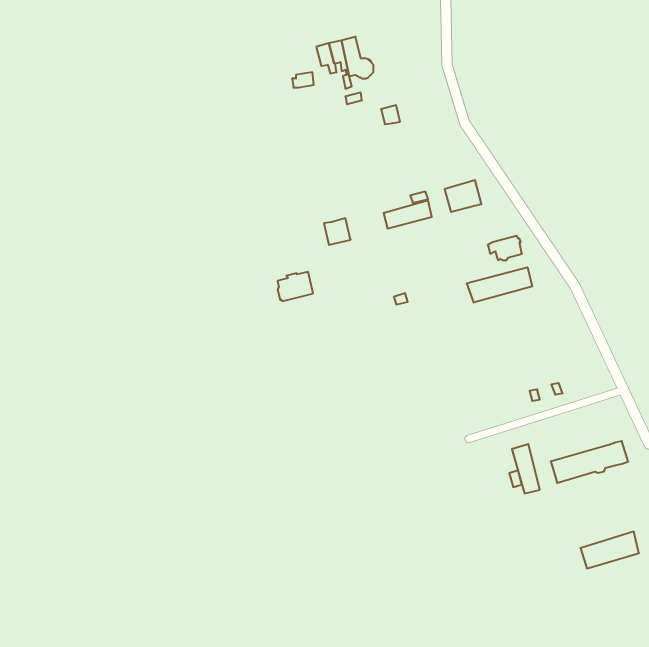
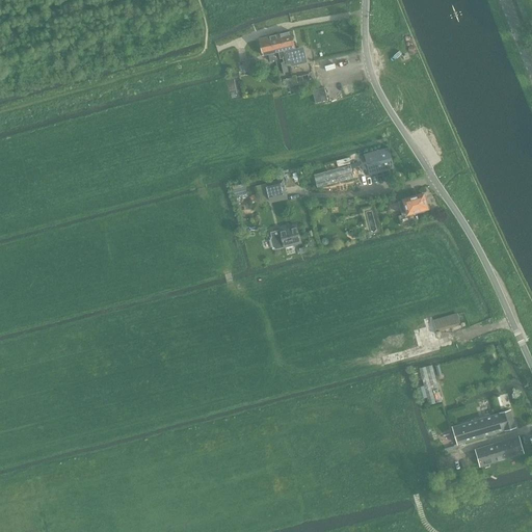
building: [467,267,532,303] -> none
building: [278,272,313,301] -> [271,224,300,248]
building: [551,441,628,483] -> [452,409,515,444]

